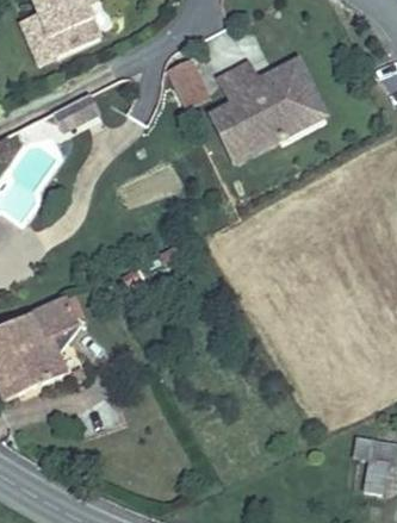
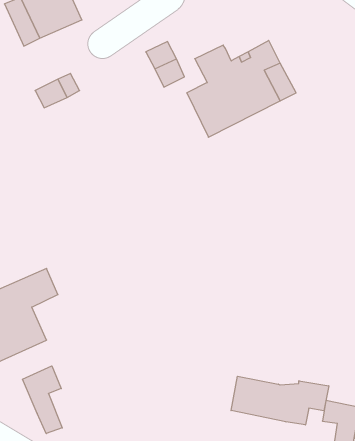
building: none -> [22,366,62,434]
building: none -> [231,376,329,425]

